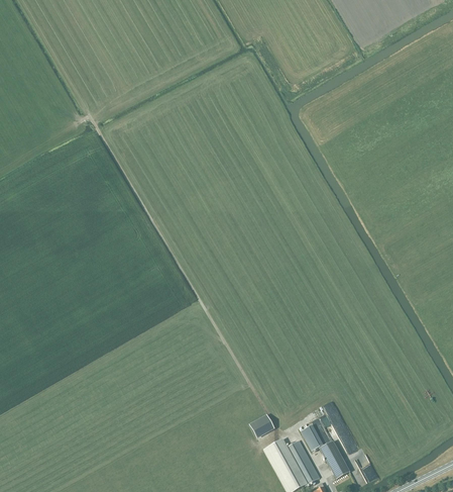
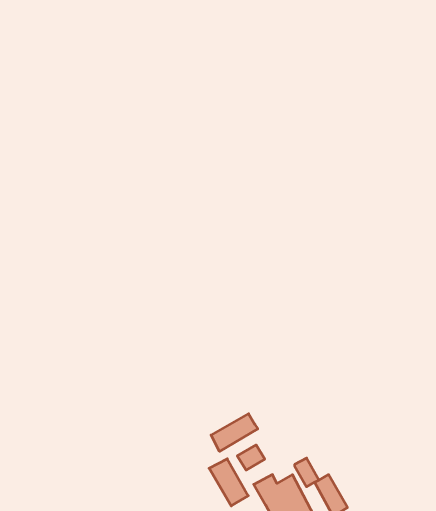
building: none -> [211,414,258,451]
building: none -> [209,459,248,506]

